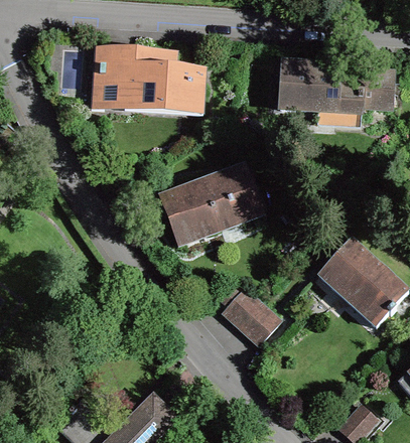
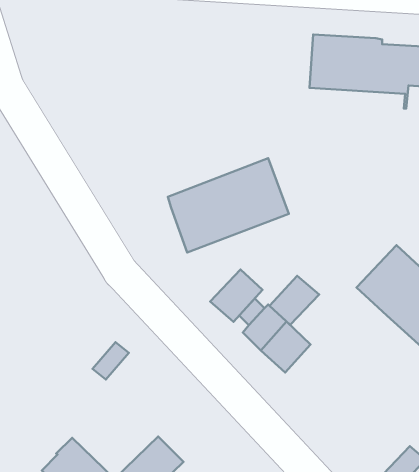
building: [91,45,202,114] -> none
building: none -> [210,270,263,322]
building: none -> [270,276,319,325]

